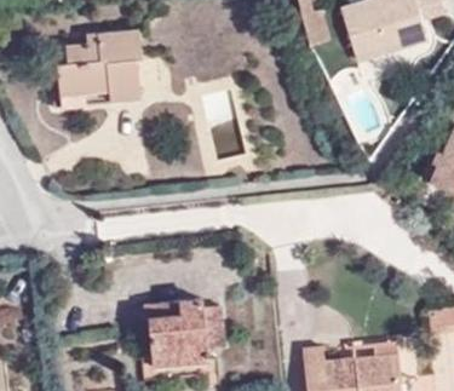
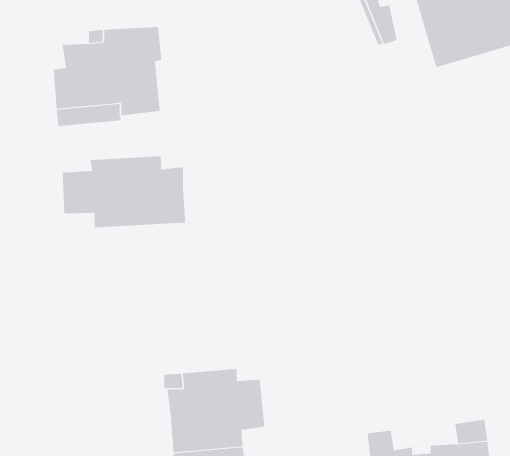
building: none -> [62,155,186,228]

